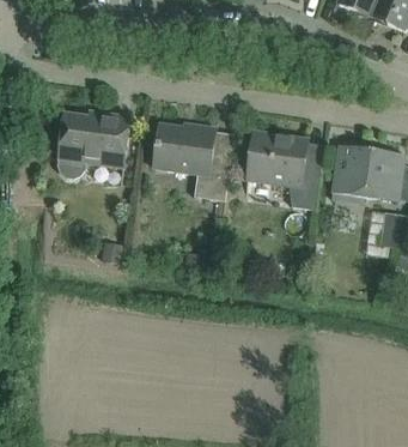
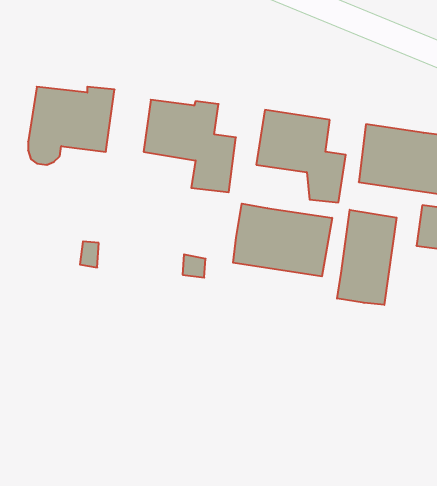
building: none -> [233,204,332,276]
building: none -> [337,210,397,305]

